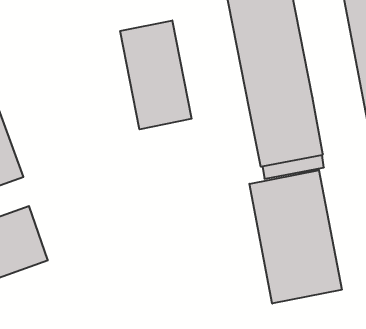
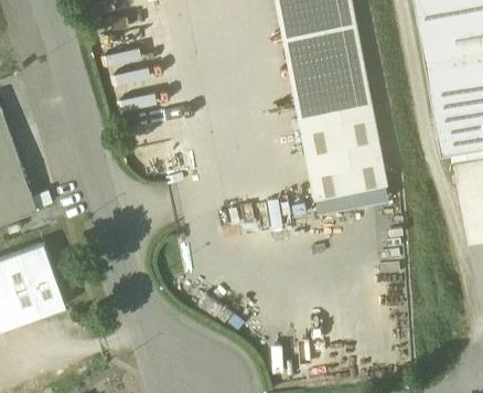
building: [120,20,192,129] -> none
building: [249,170,342,304] -> none

